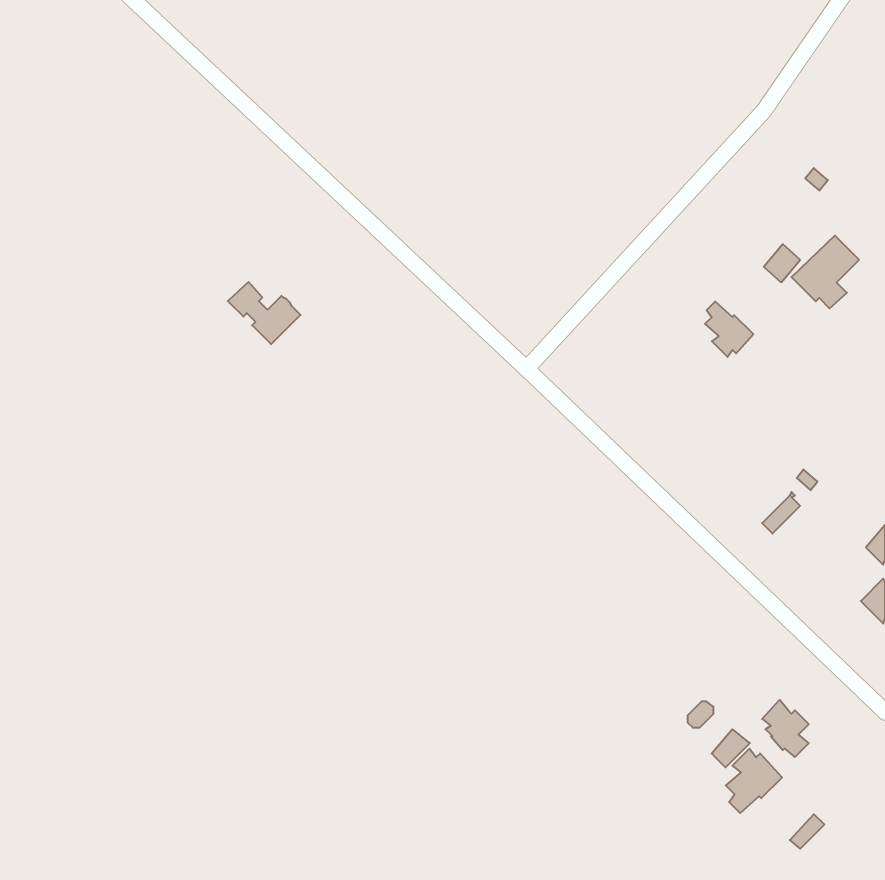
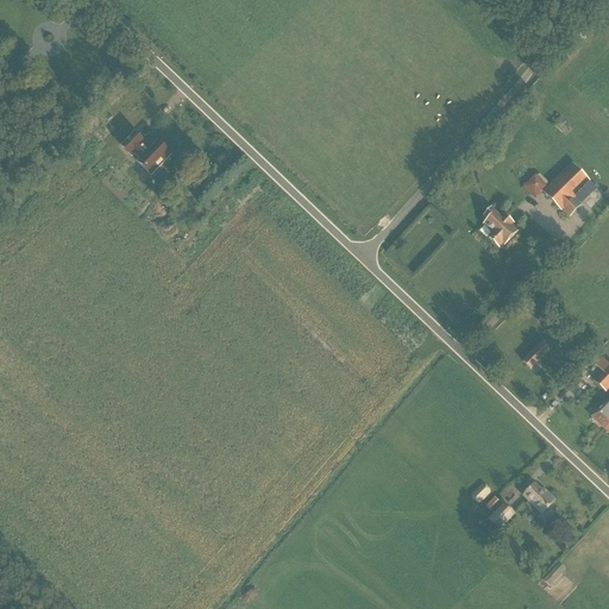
building: [228,282,301,344] -> [121,130,171,172]
building: [726,749,782,813] -> none

